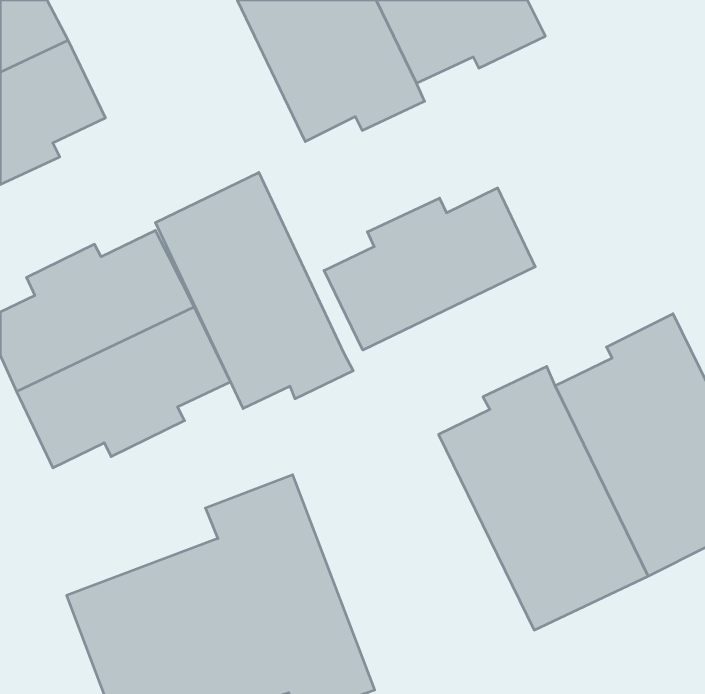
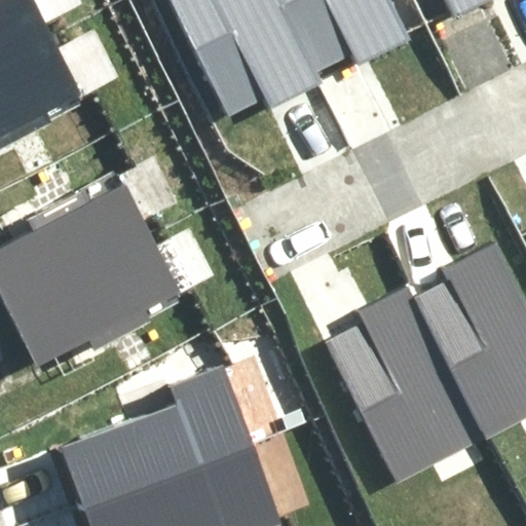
building: [155,172,353,409] -> none
building: [324,188,535,350] -> none

